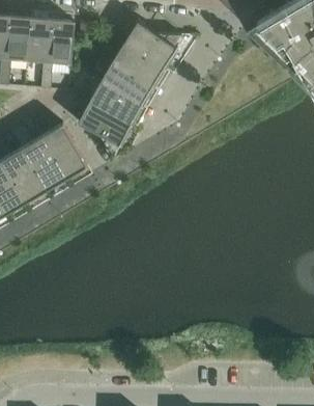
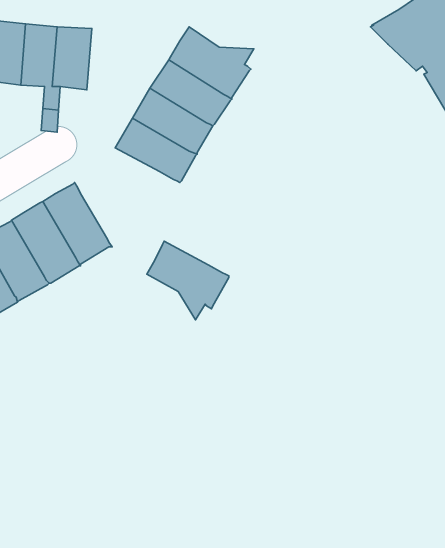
building: [78,102,132,154] -> [147,241,229,320]

